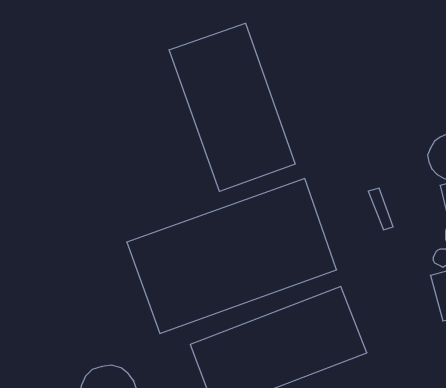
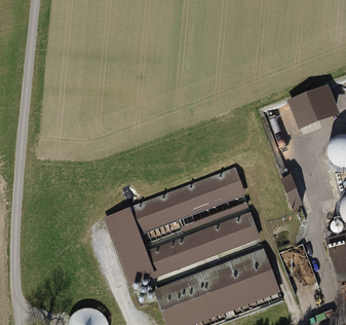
building: [169,23,295,191] -> none
building: none -> [290,86,335,125]

